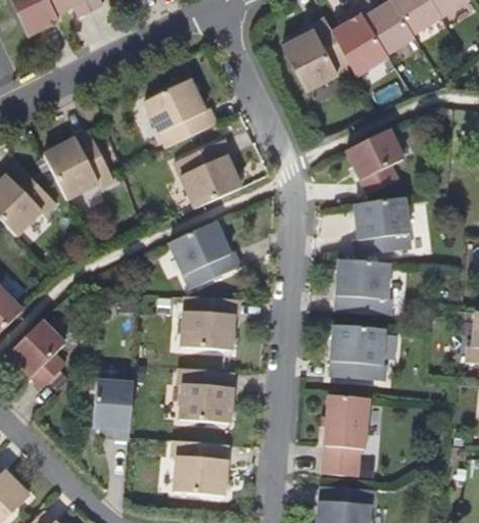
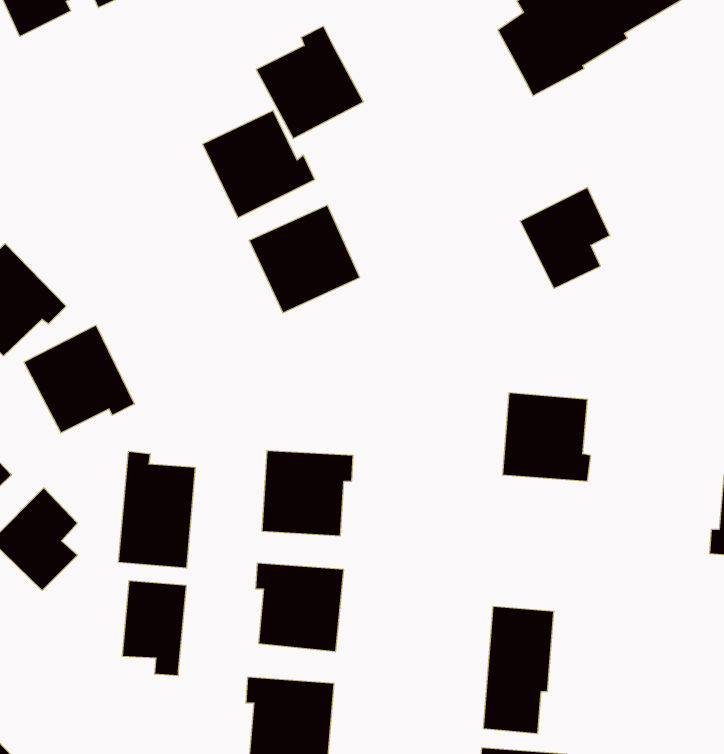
building: [283,16,351,88] -> [256,26,364,139]
building: [44,132,114,200] -> [24,325,135,433]
building: [354,198,410,255] -> none
building: [163,224,236,291] -> none
building: none -> [119,451,195,568]
building: [330,326,386,381] -> none

